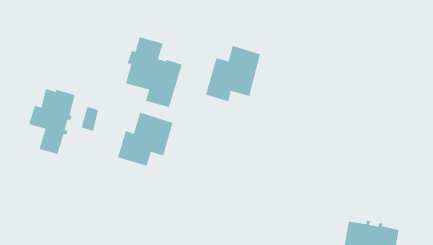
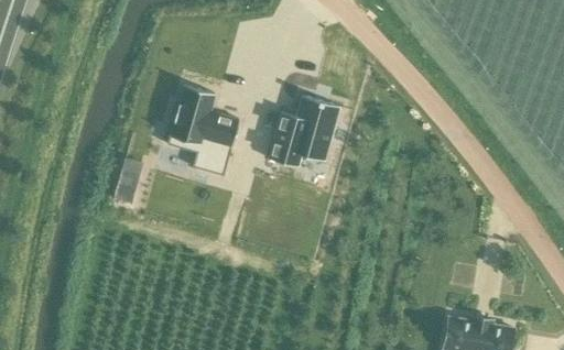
building: [29,88,75,155] -> none
building: [117,112,173,167] -> none

